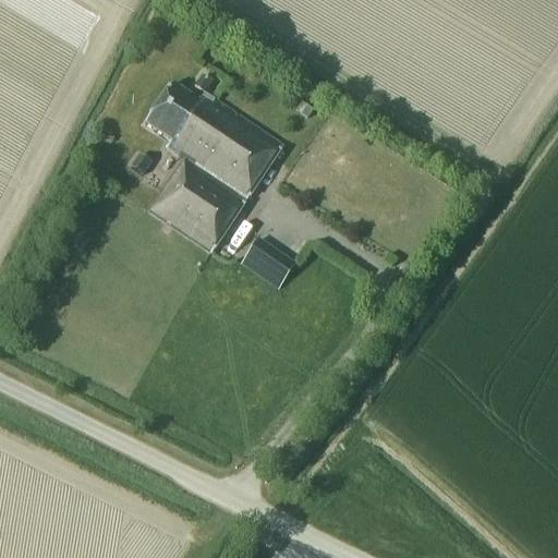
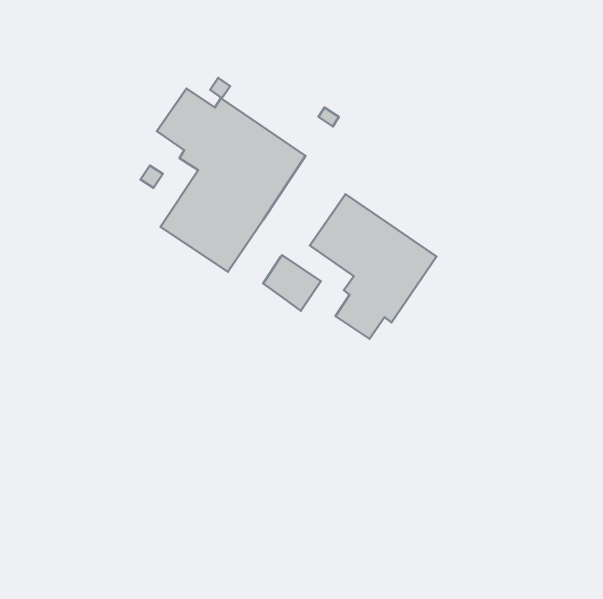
building: none -> [310,194,436,339]

